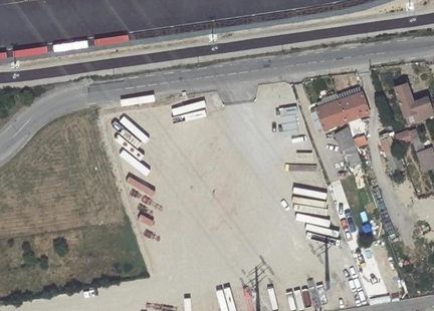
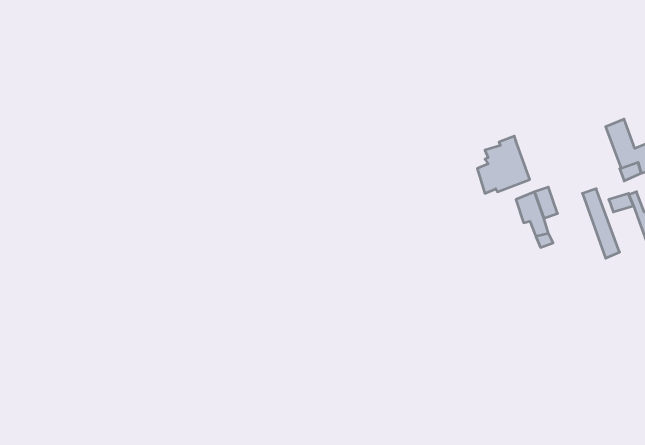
building: [337,88,369,121] -> none

